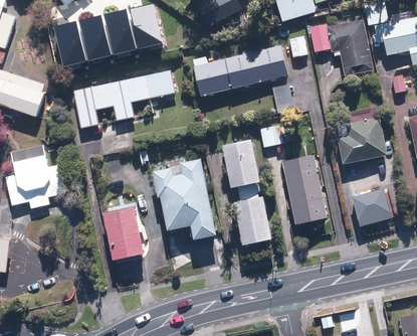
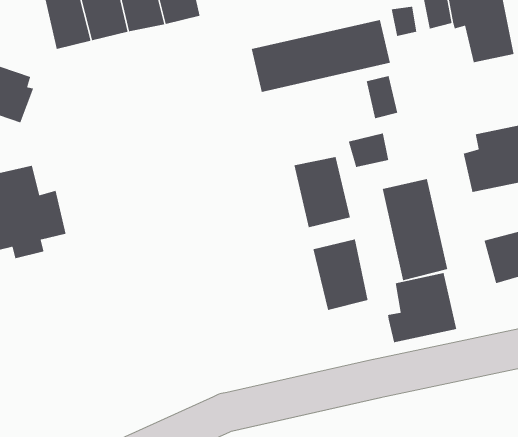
building: [71,69,175,129] -> none
building: [154,158,219,239] -> none
building: [103,204,146,260] -> none
building: none -> [387,272,457,343]

